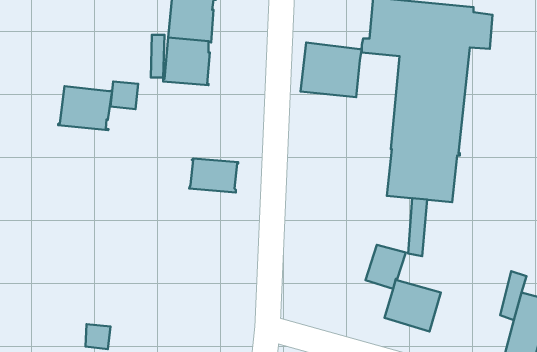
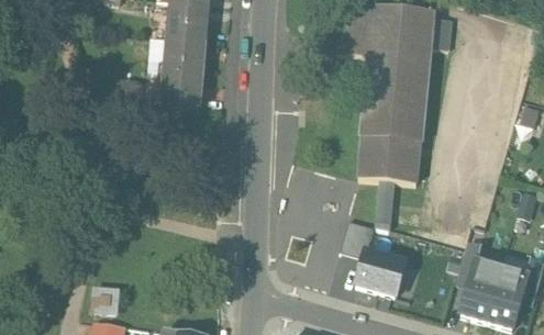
building: [301,43,362,97] -> none
building: [58,86,112,130] -> none
building: [189,158,238,192] -> [158,77,201,107]

